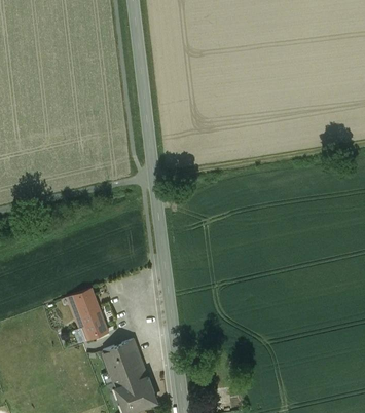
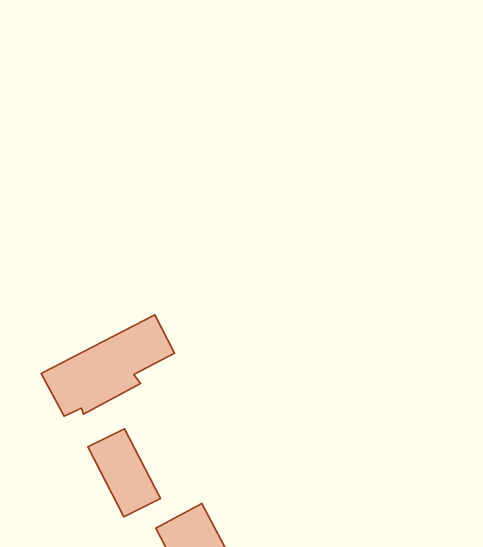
building: none -> [41,315,174,416]

